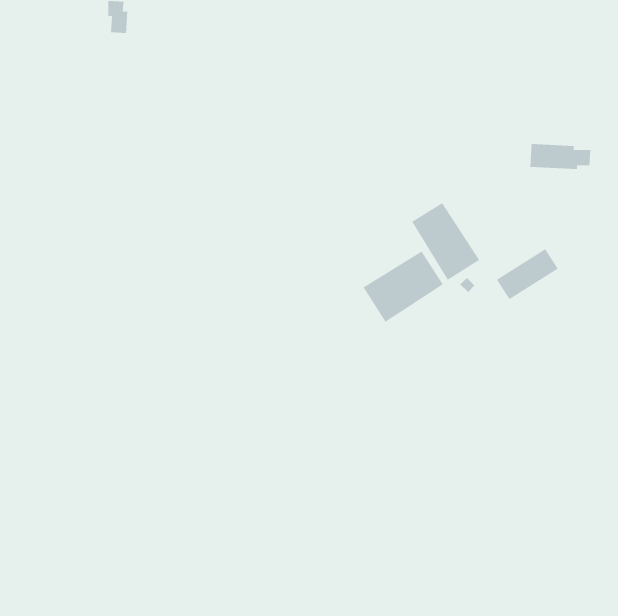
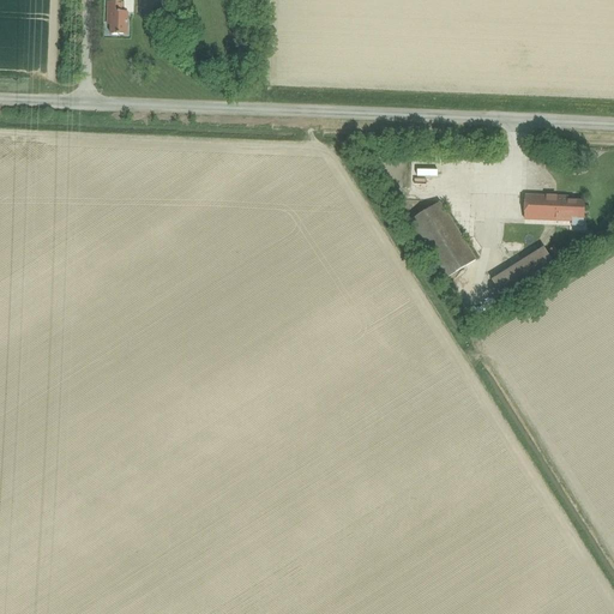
building: [530,143,591,170] -> [523,193,584,219]
building: [363,251,444,323] -> none

